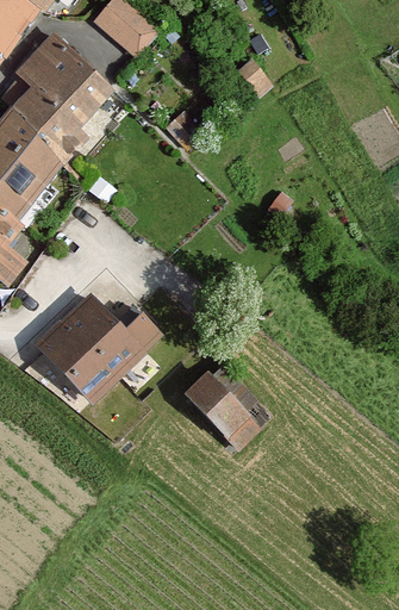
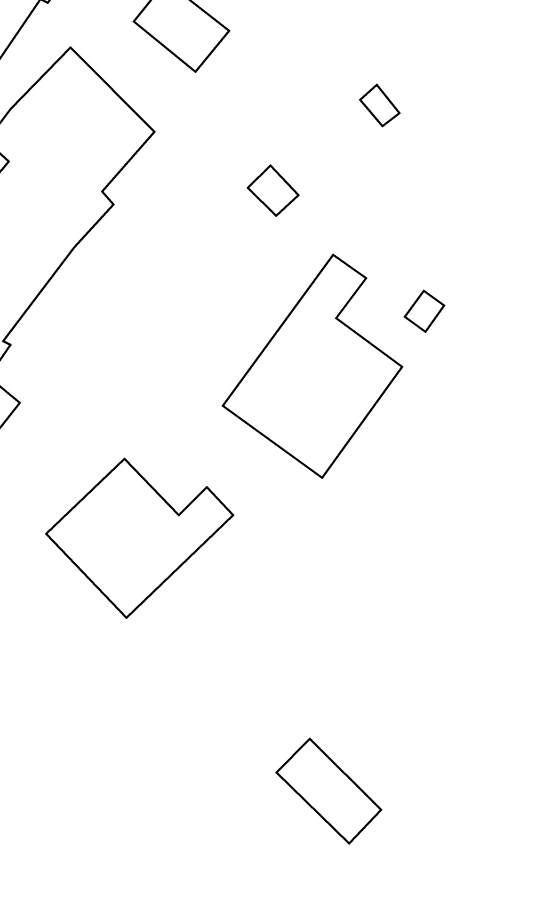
building: none -> [223,255,402,478]
building: [189,378,256,444] -> [276,739,381,844]

